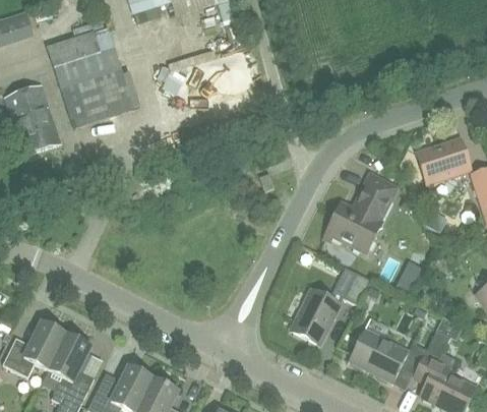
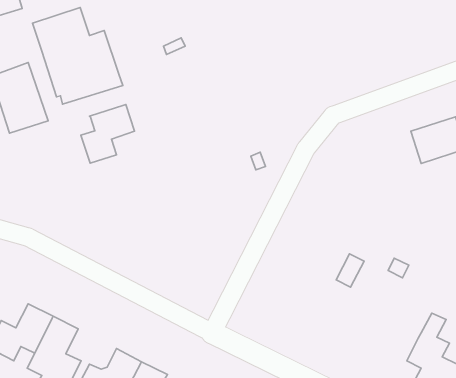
building: none -> [81,104,135,163]
building: [323,173,395,251] -> none
building: [290,288,340,344] -> none
building: [348,329,426,382] -> none

